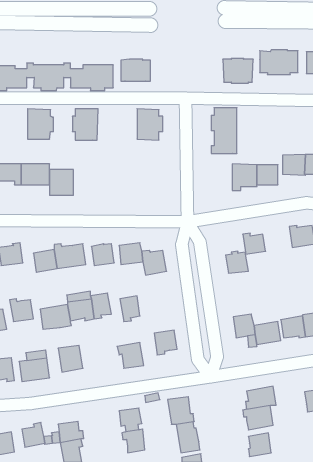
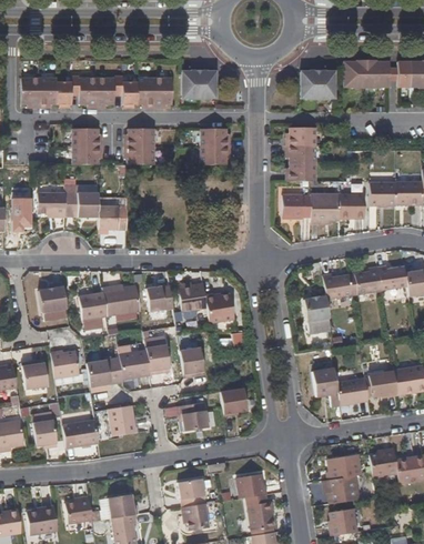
building: none -> [281,194,311,219]
building: none -> [350,266,381,295]
building: none -> [369,449,397,477]

